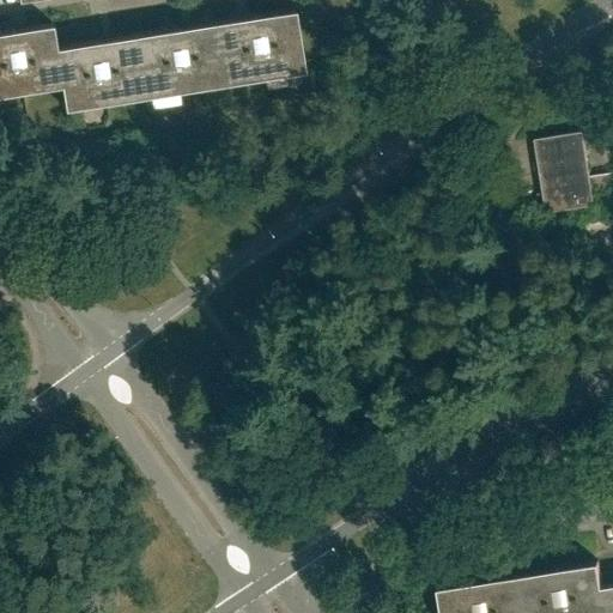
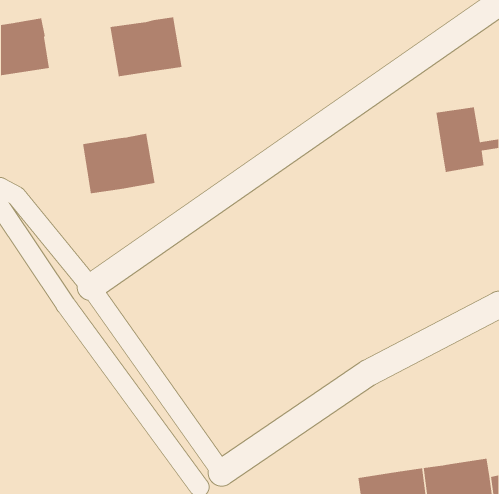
building: [213,13,304,89] -> none
building: [55,38,145,114] -> [82,133,155,194]

